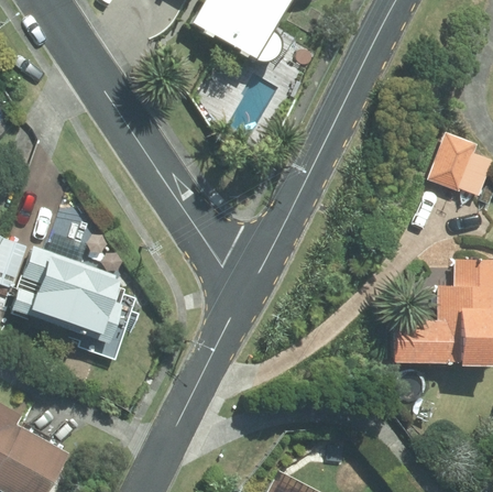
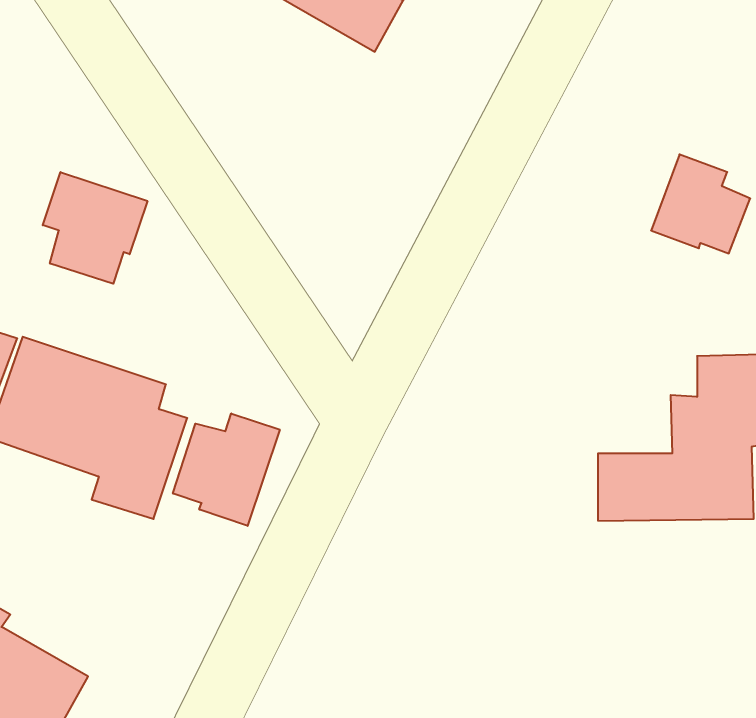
building: none -> [43,172,147,284]
building: none -> [173,413,280,526]

